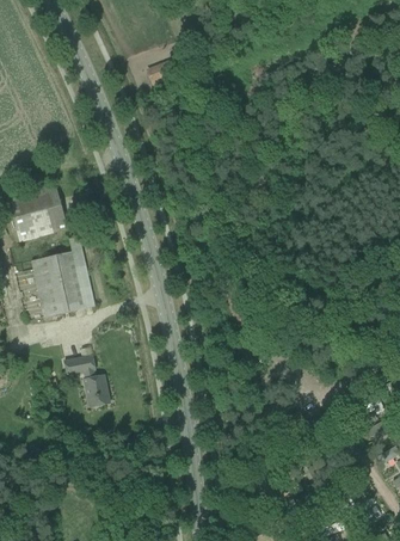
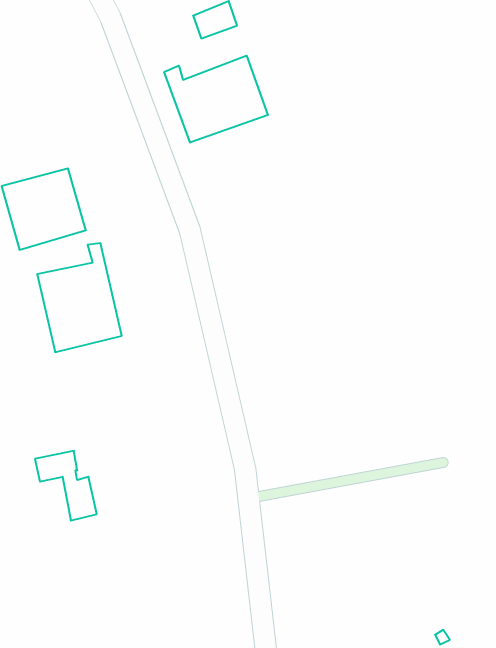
building: none -> [164,56,268,143]
building: [64,355,110,406] -> [35,451,97,521]

